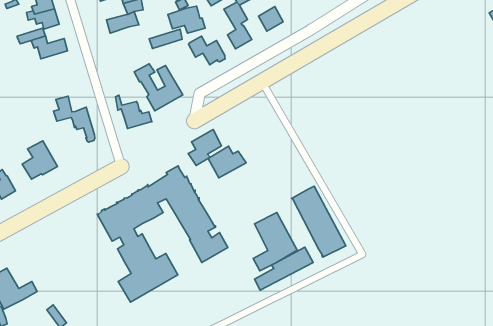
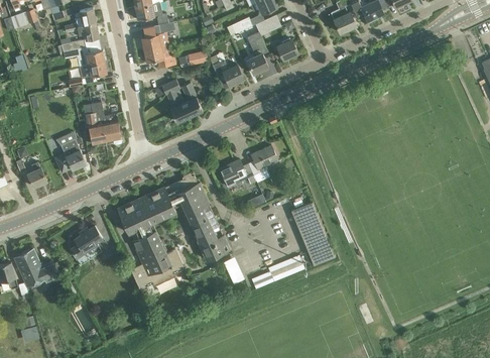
building: [168,6,205,33] -> [143,44,175,68]
building: none -> [70,62,106,87]
building: [115,95,152,129] -> [84,114,114,144]
building: [188,130,222,165] -> [247,145,277,175]
building: [253,212,297,271] -> none
building: none -> [71,226,102,258]

